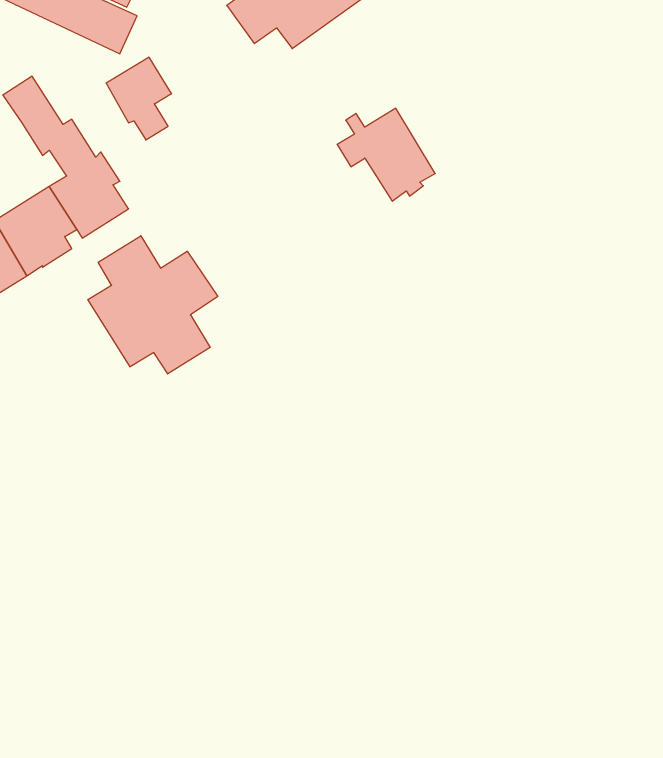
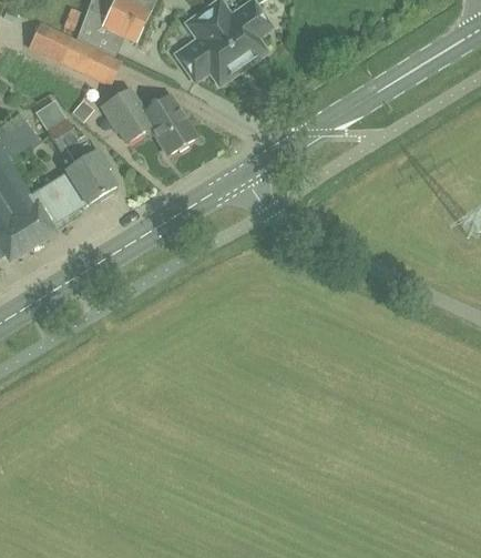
building: [337,108,435,201] -> [132,94,195,154]
building: [88,236,218,374] -> none

